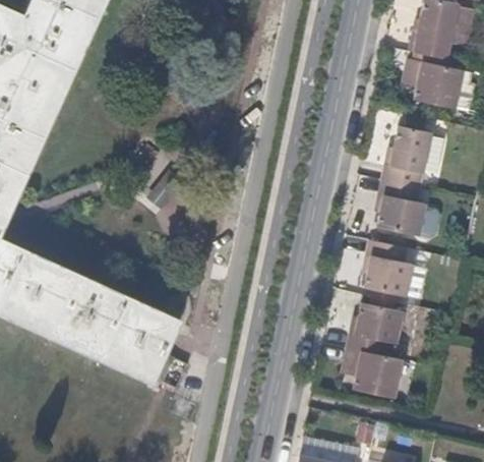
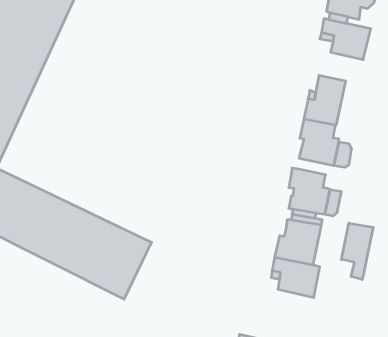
building: none -> [341,223,373,280]

